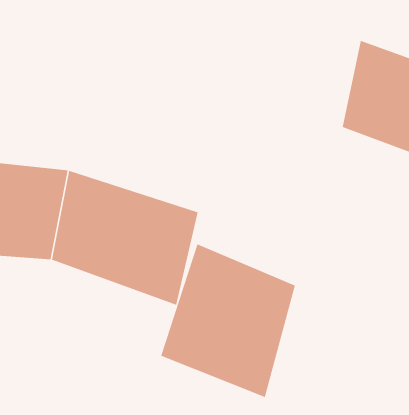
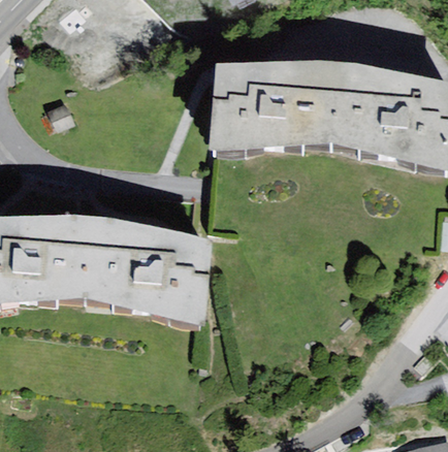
building: none -> [207,60,340,149]
building: [161,244,295,398] -> none

